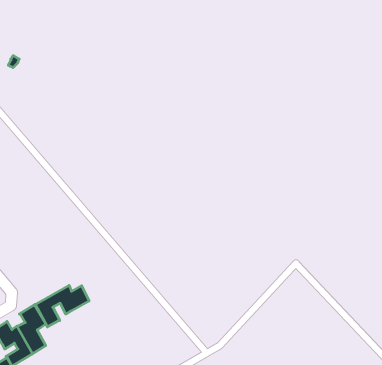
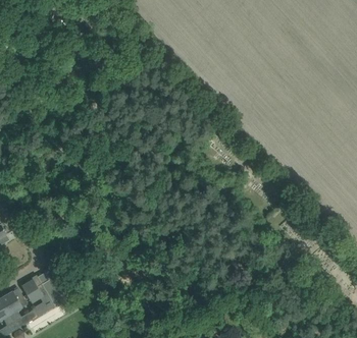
building: [35,285,89,327] -> none

